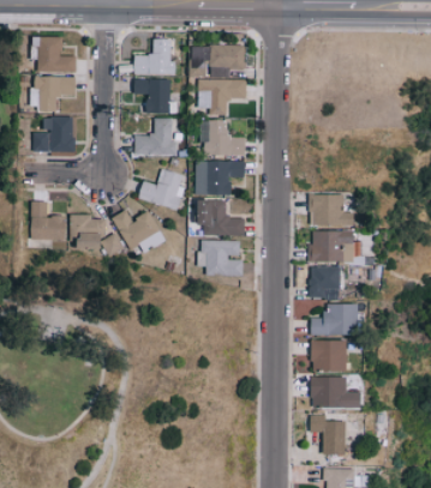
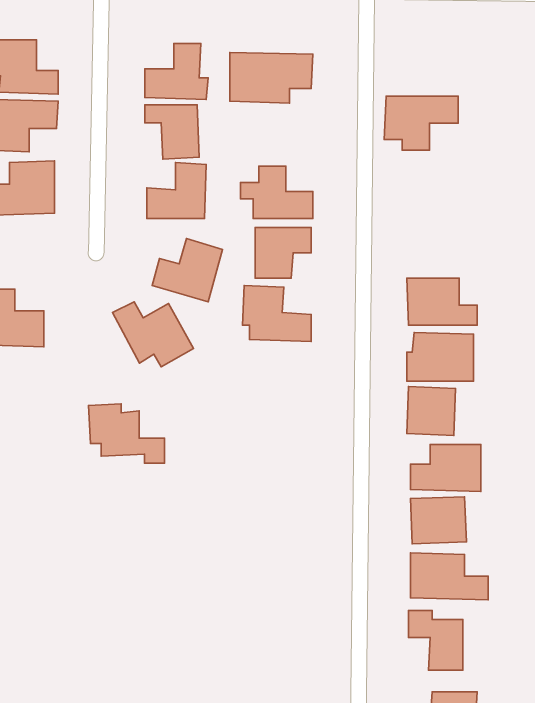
building: [198,79,247,115] -> [384,96,458,150]
building: [71,213,121,253] -> [89,404,165,463]
building: [199,240,244,276] -> none

